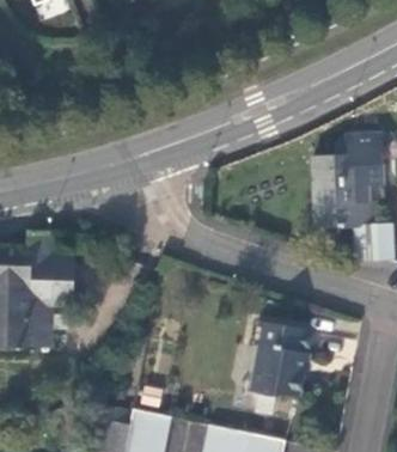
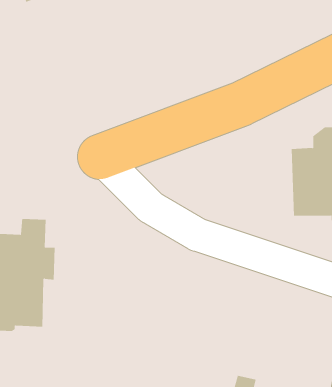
building: [246,320,311,399] -> none

